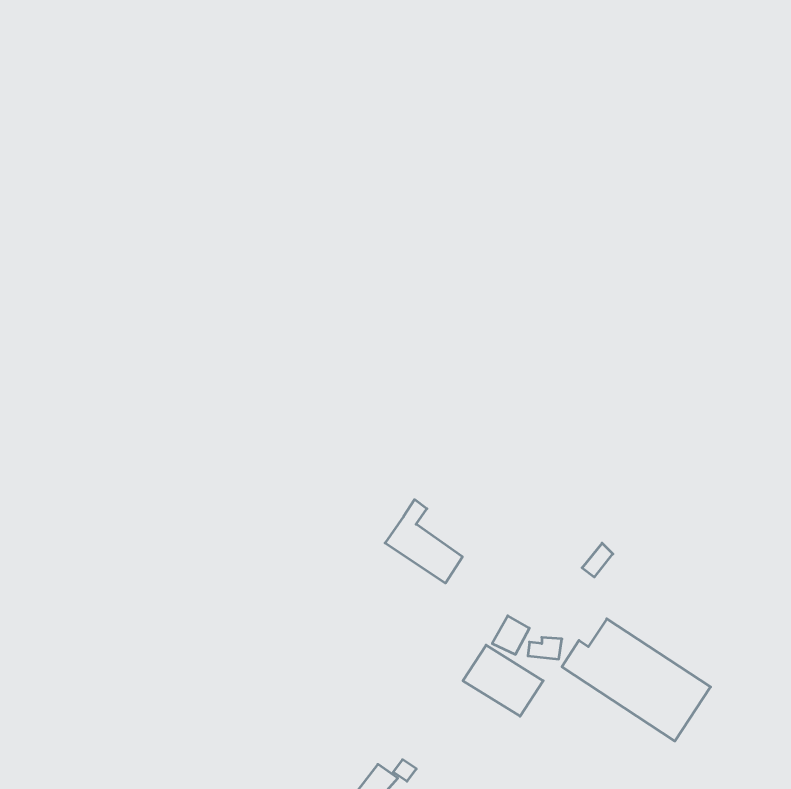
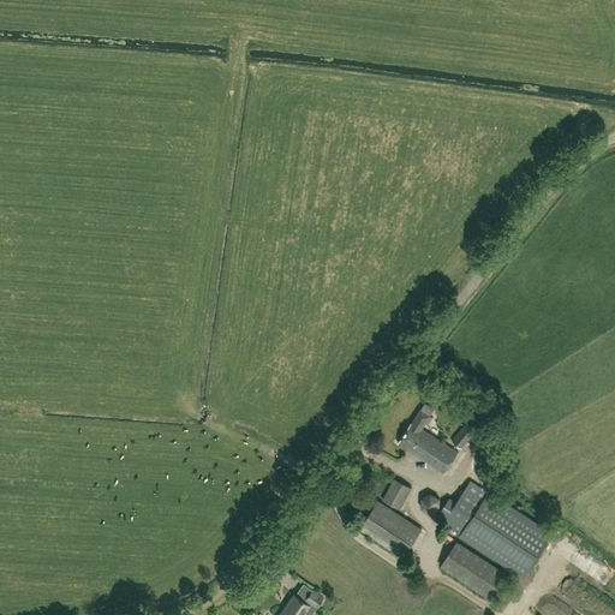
building: [385,500,462,583] -> [398,410,458,474]
building: none -> [441,543,504,598]

